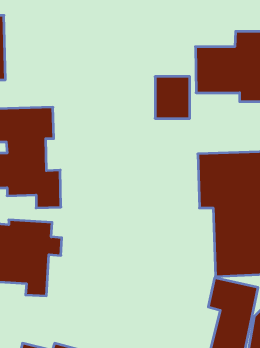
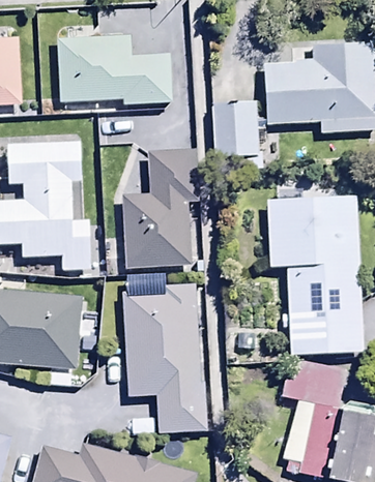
building: none -> [57,33,171,104]
building: none -> [123,150,199,266]
building: none -> [122,282,207,432]

